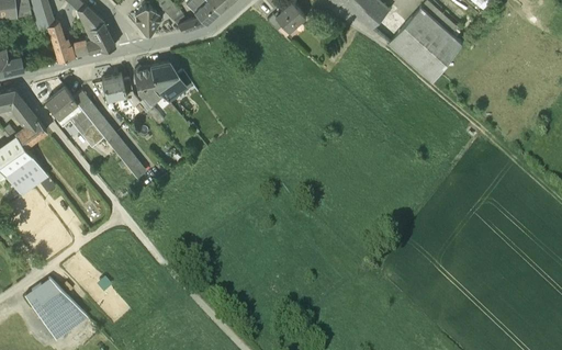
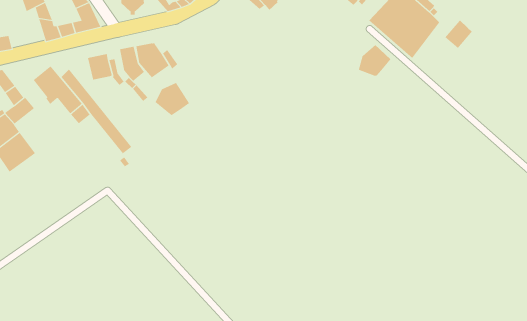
building: none -> [445,20,473,49]
building: none -> [358,44,391,77]
building: none -> [155,82,190,116]
building: [25,278,87,338] -> none

